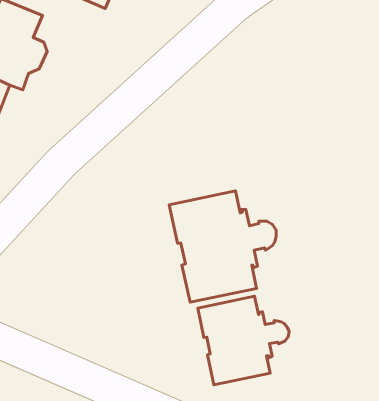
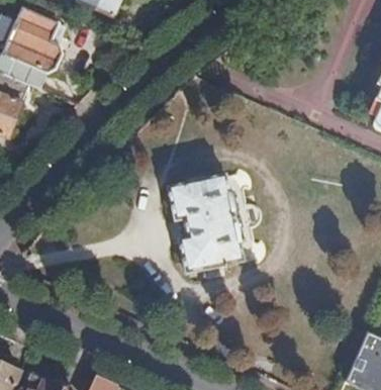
building: [198,296,289,385] -> none

